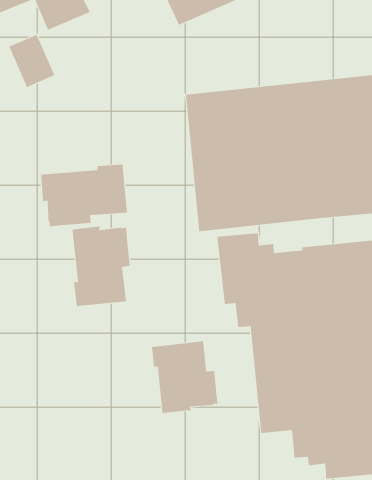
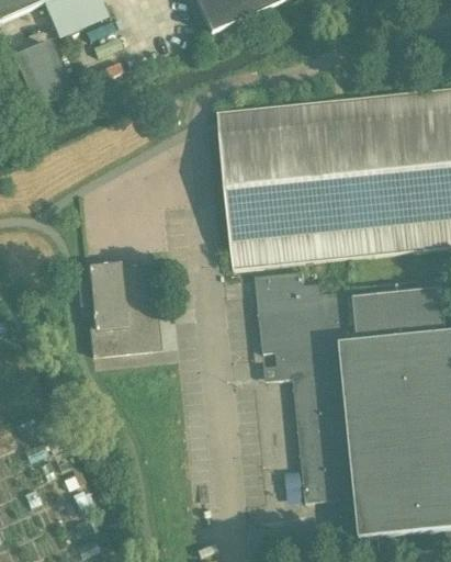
building: [40,164,128,227] -> none
building: [152,340,218,415] -> none

